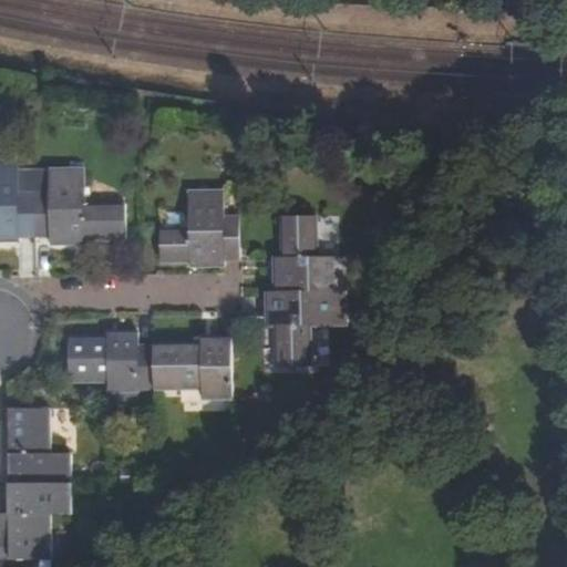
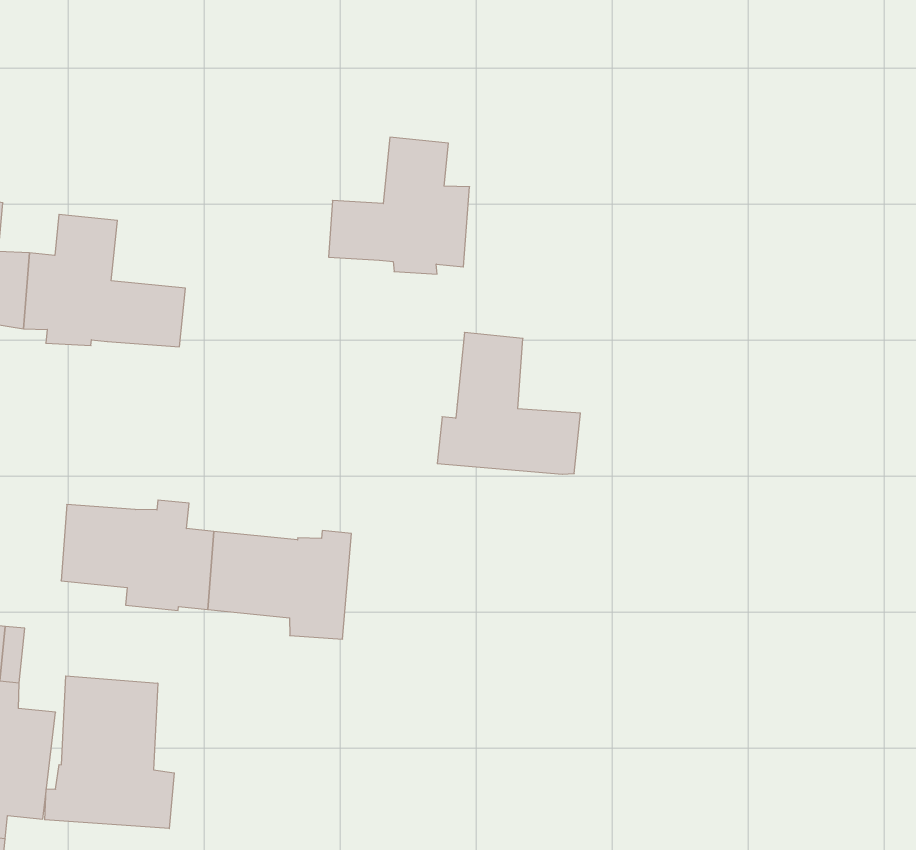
building: [158,190,236,266] -> [329,137,470,274]
building: [265,290,343,364] -> none
building: none -> [45,676,174,829]

